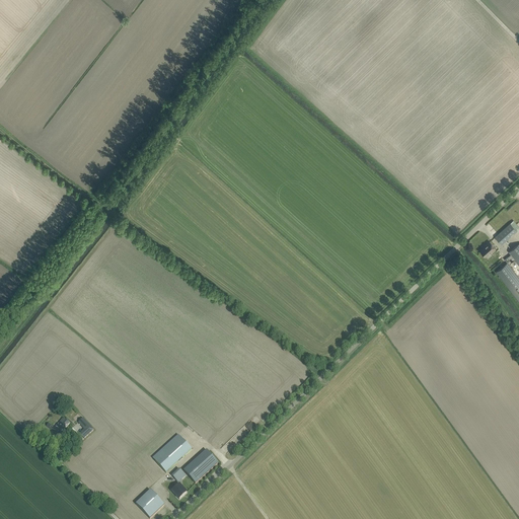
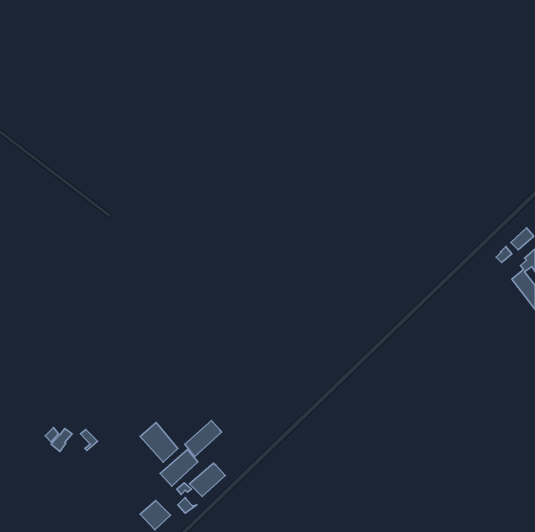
building: none -> [185,421,222,457]
building: none -> [140,423,178,462]

